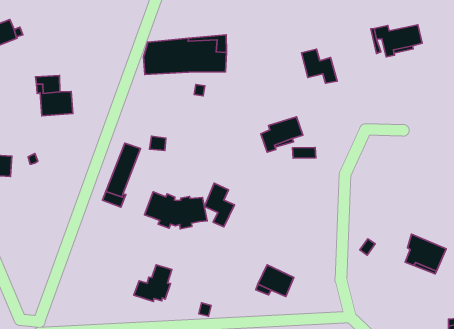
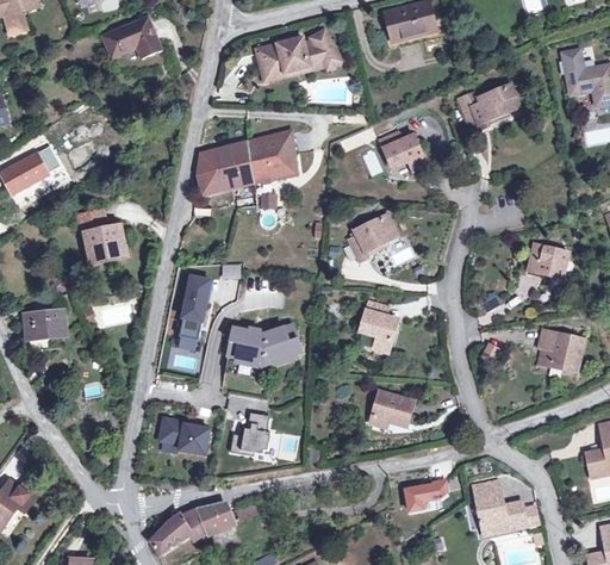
building: none -> [528,243,567,278]
building: [204,183,234,227] -> [361,302,396,350]
building: none -> [160,416,210,453]

